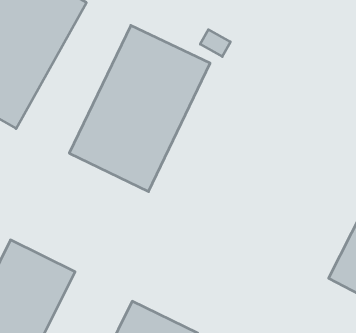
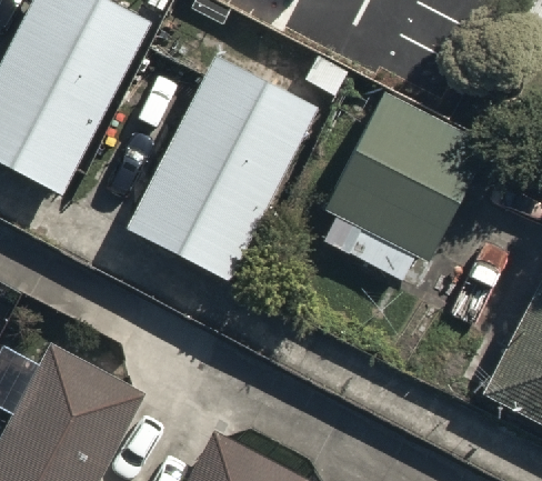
building: none -> [324,96,485,281]

